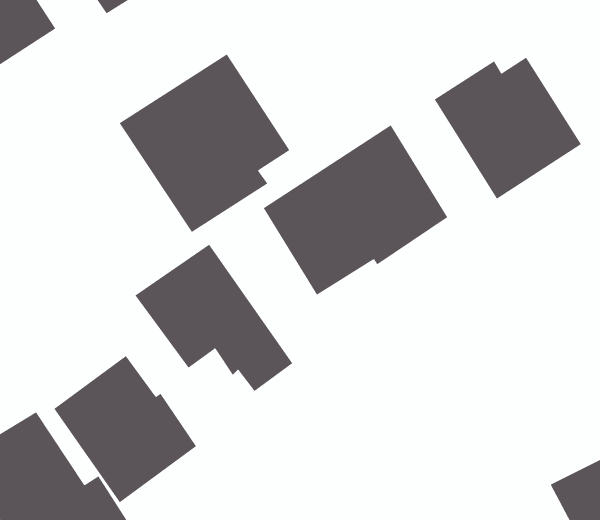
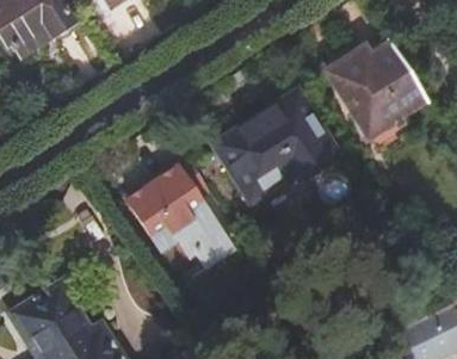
building: [119,53,290,233] -> none
building: [54,355,197,503] -> none

